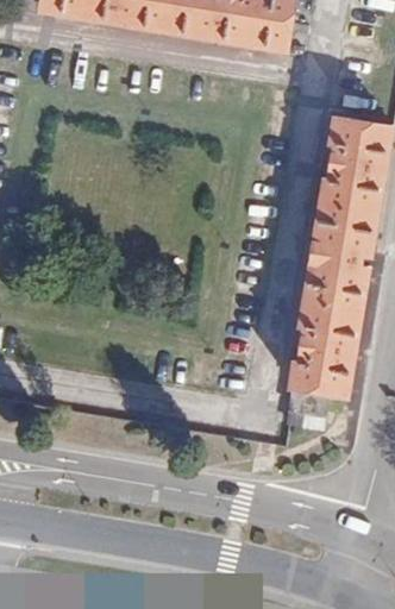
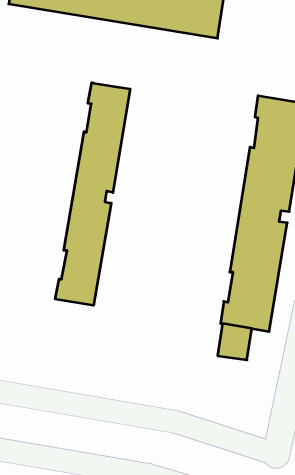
building: none -> [55,83,130,305]

